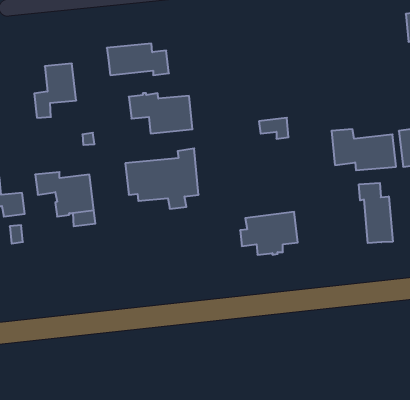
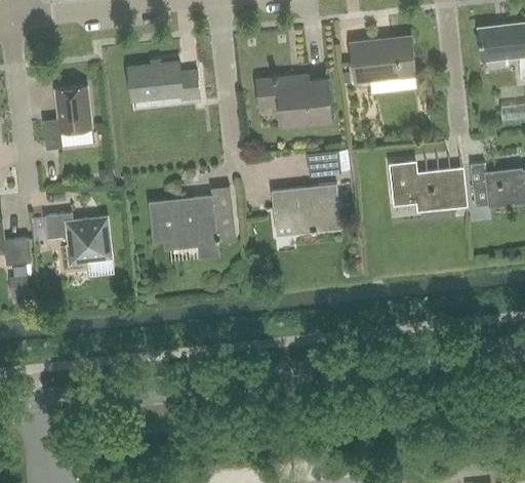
building: none -> [351,36,417,91]
building: [129,93,193,133] -> [256,77,331,124]
building: [359,183,393,243] -> none
building: [240,212,298,255] -> [273,184,340,234]

